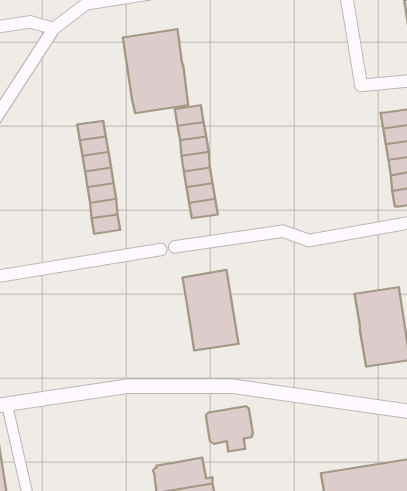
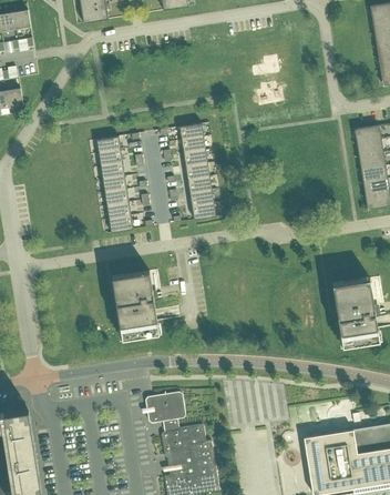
building: [123,29,188,113] -> none
building: [182,270,238,350] -> [111,270,158,339]
building: [206,406,253,452] -> [144,391,184,430]

